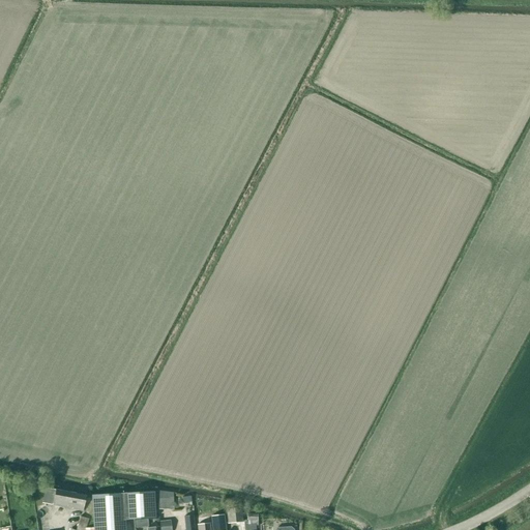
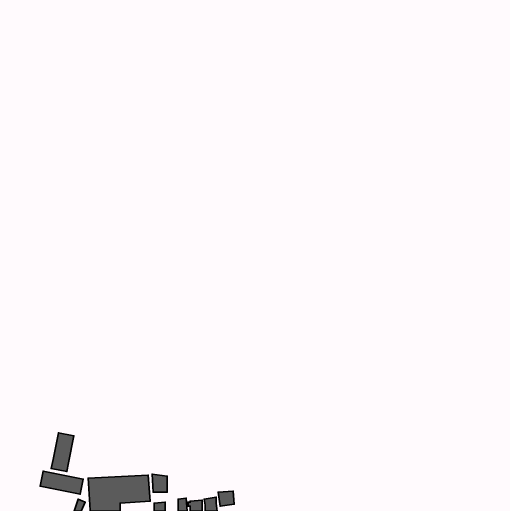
building: none -> [51,433,74,472]

